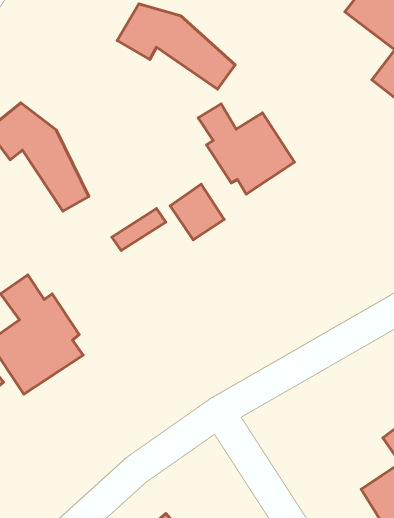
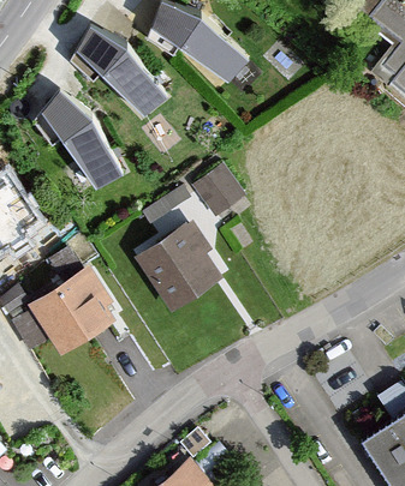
building: none -> [65,29,165,116]
building: [198,104,295,194] -> none
building: none -> [135,221,219,311]

